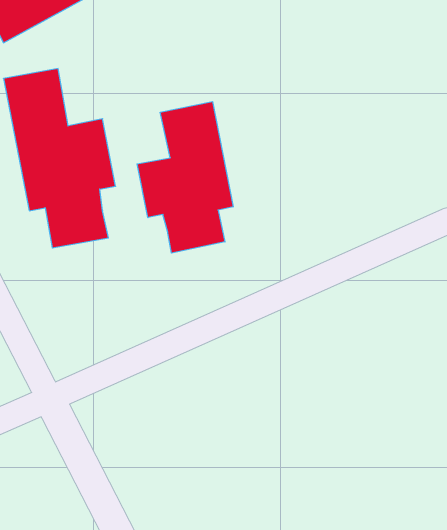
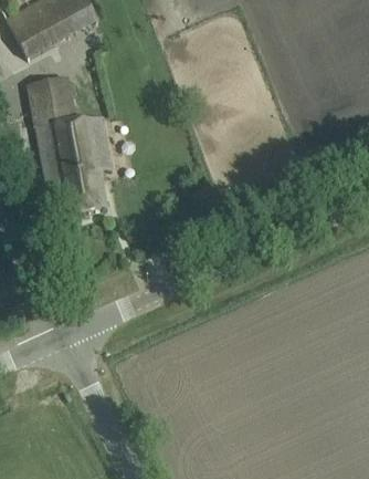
building: [137,102,233,253] -> none

